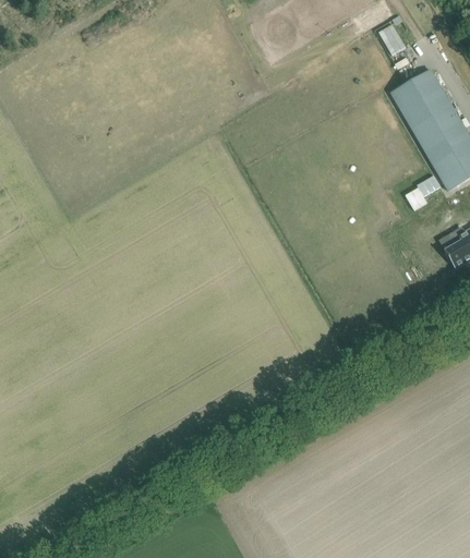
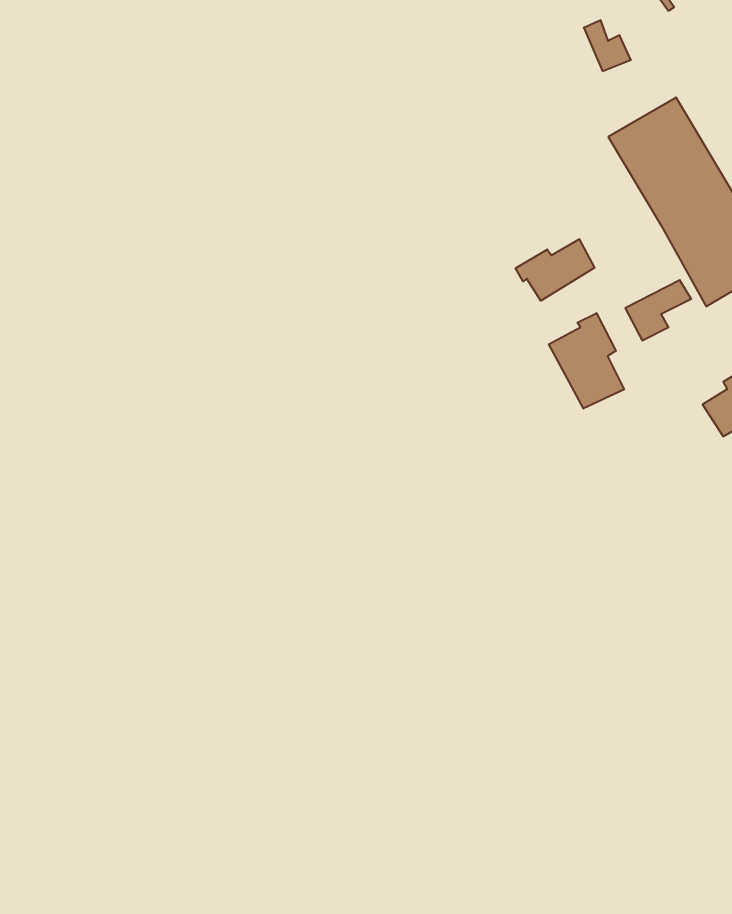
building: none -> [516,239,595,301]
building: none -> [549,313,624,409]

